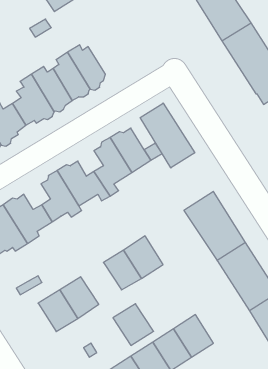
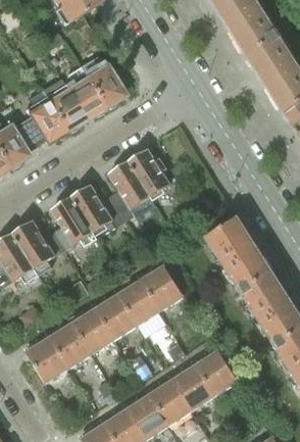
building: [140,103,195,168] -> none
building: none -> [27,338,68,383]
building: [113,304,154,345] -> [95,294,139,339]

